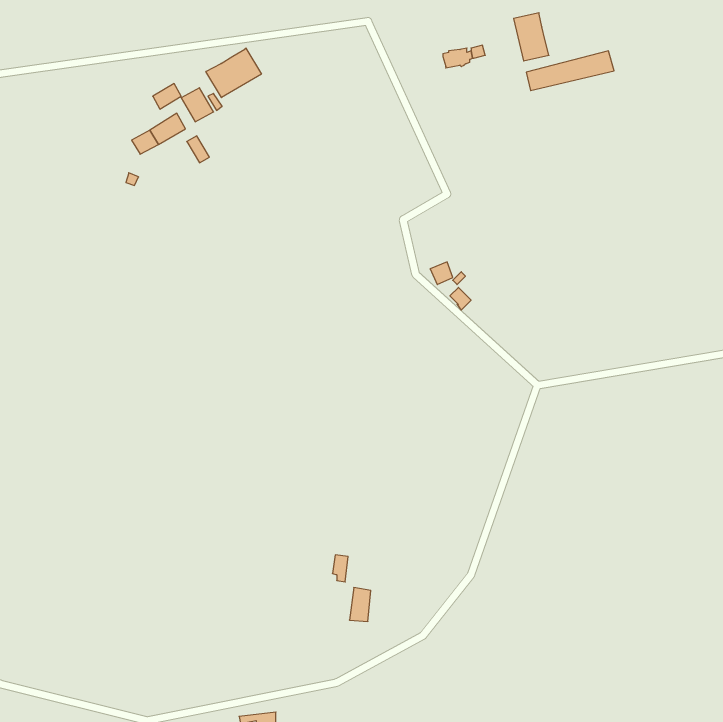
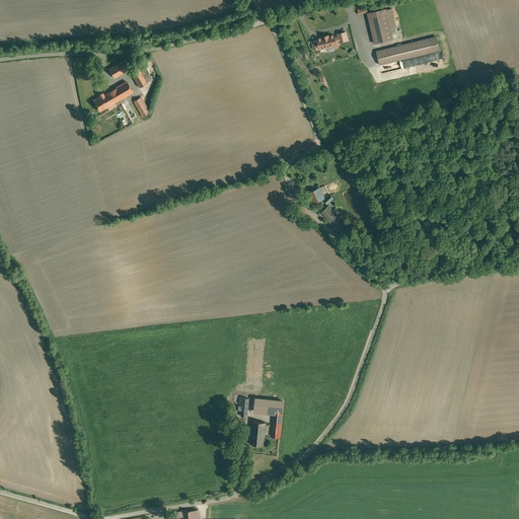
building: [206,48,261,98] -> none
building: none -> [254,399,283,438]

